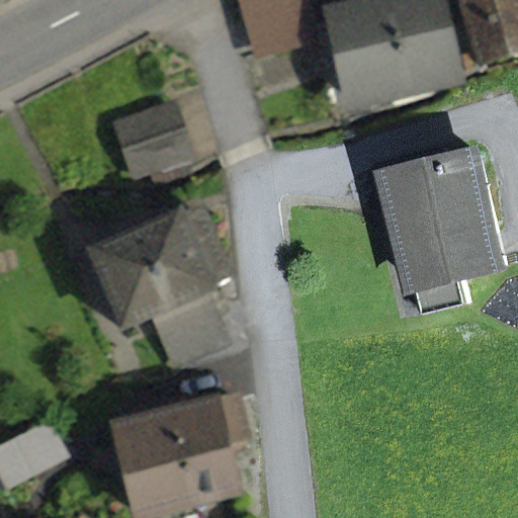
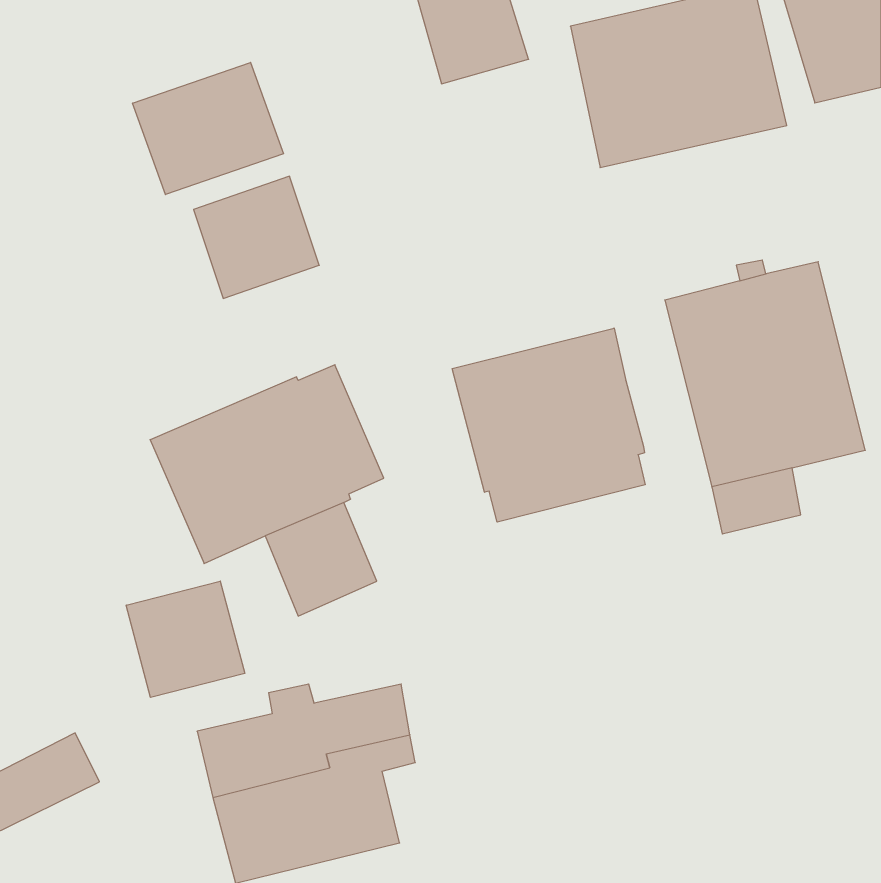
building: none -> [133,62,283,195]
building: none -> [452,328,645,522]
building: none -> [126,581,245,697]

